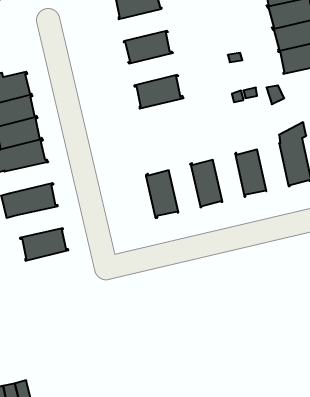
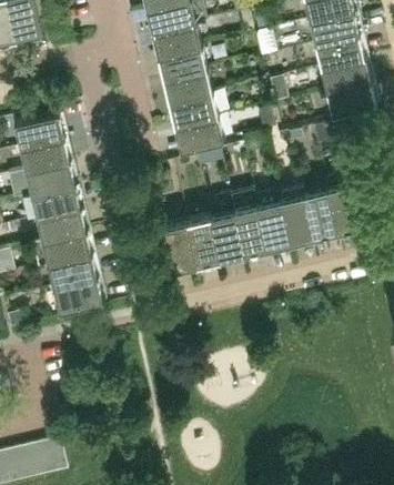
building: none -> [156,49,208,83]
building: none -> [168,95,219,130]
building: none -> [303,191,336,242]
building: none -> [255,193,290,253]
building: none -> [205,198,243,264]
building: none -> [36,211,87,244]
building: none -> [161,225,195,275]
building: none -> [47,257,98,291]

